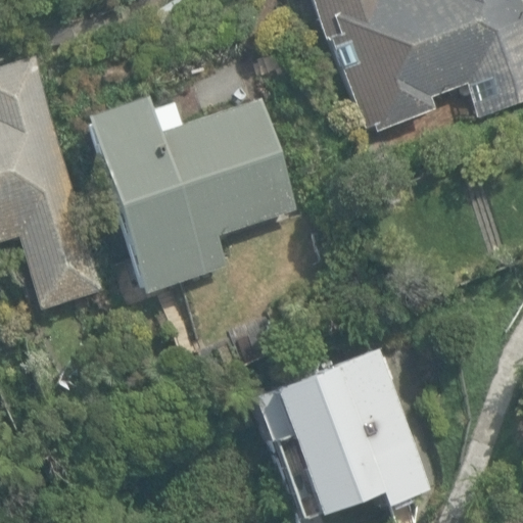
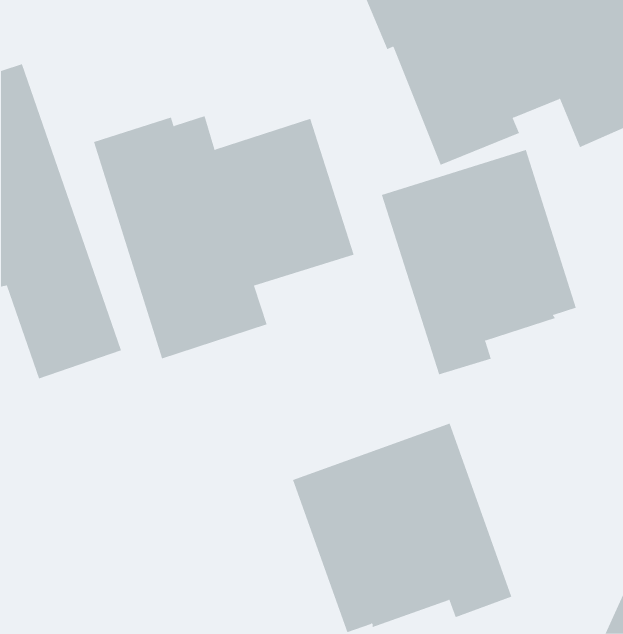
building: none -> [381,149,576,375]

